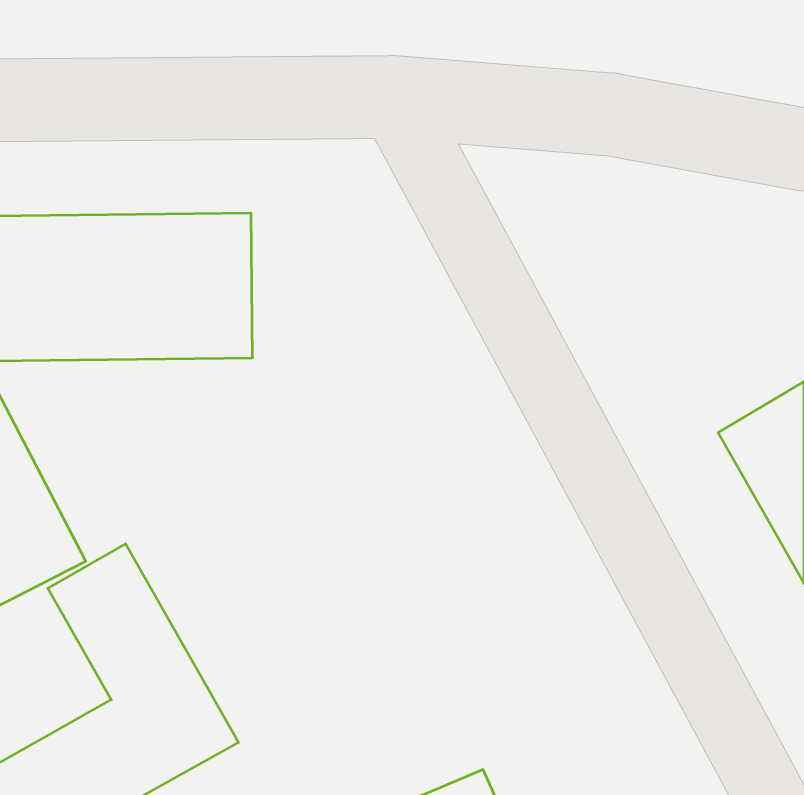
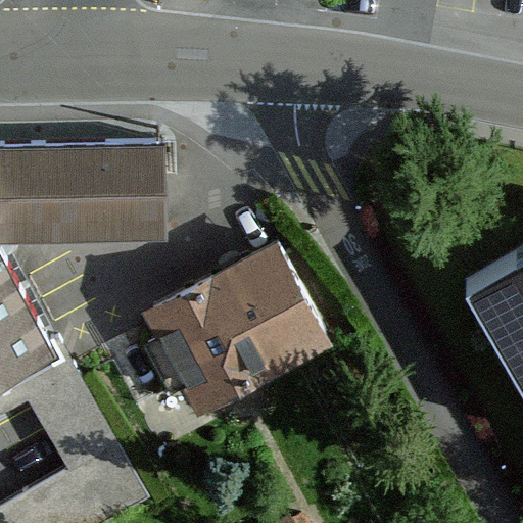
building: none -> [142,250,322,408]

